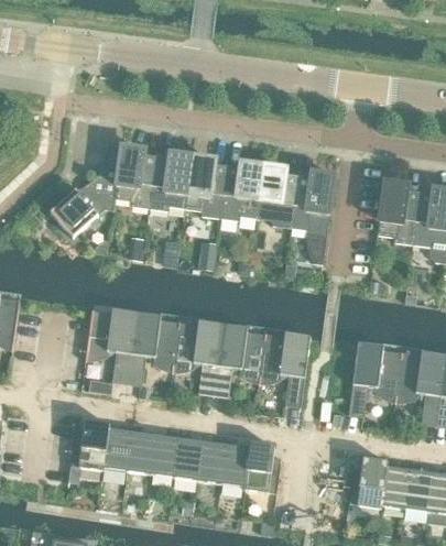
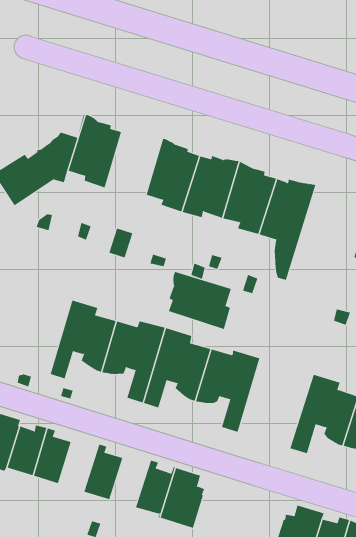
building: [150,155,193,210] -> none
building: none -> [168,271,231,330]
building: [85,308,137,379] -> none
building: [151,432,181,477] -> none
building: [198,438,228,483] -> none

